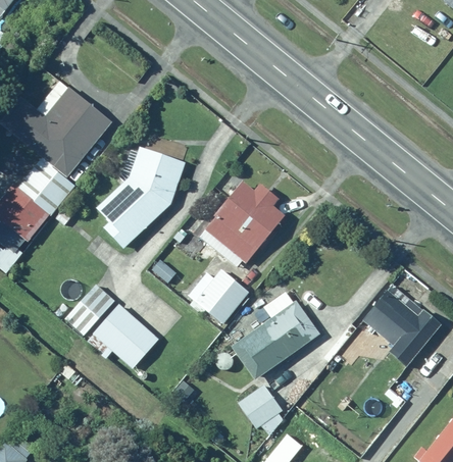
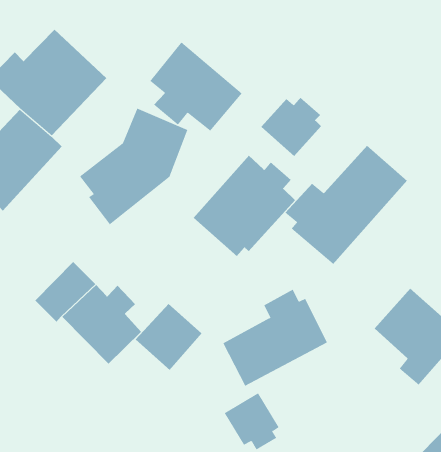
building: none -> [149,41,242,131]
building: none -> [260,97,322,157]
building: none -> [284,145,408,265]
building: [191,268,249,326] -> [135,303,203,371]

